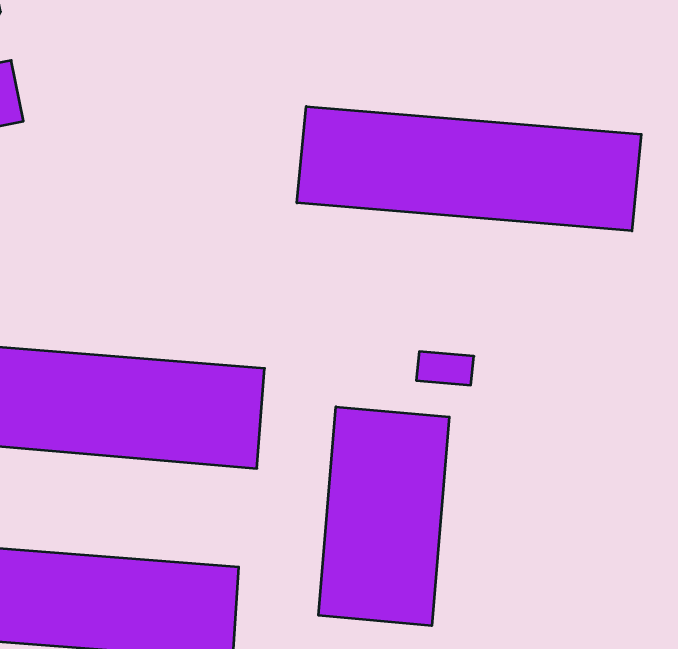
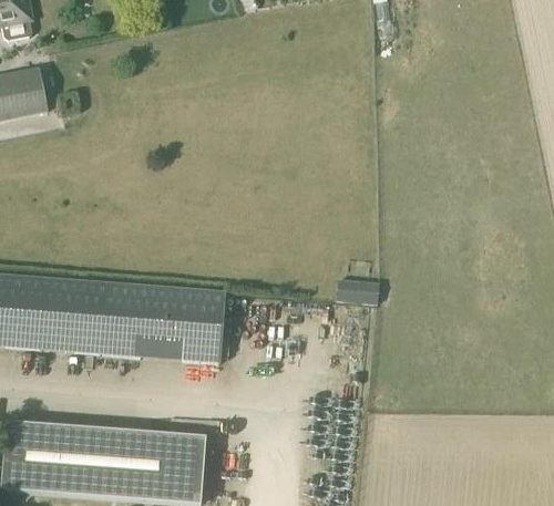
building: [297,106,641,231] -> none
building: [319,407,449,626] -> none

